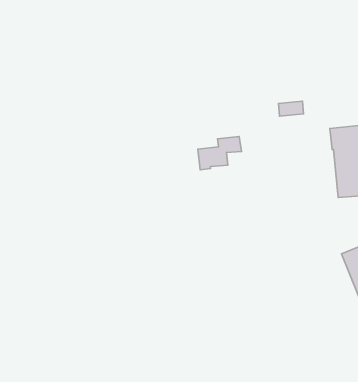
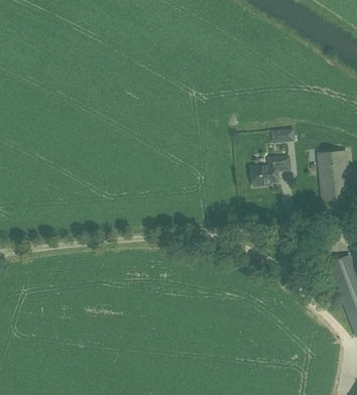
building: [198,136,241,170] -> [252,156,290,185]

